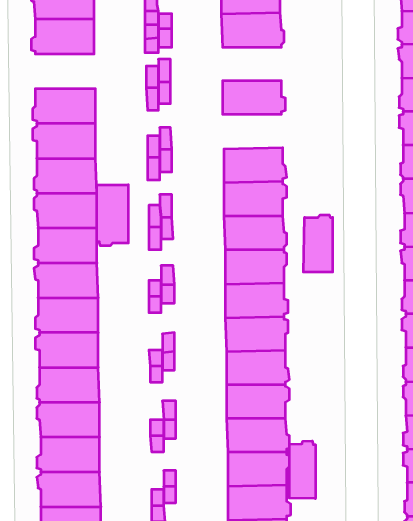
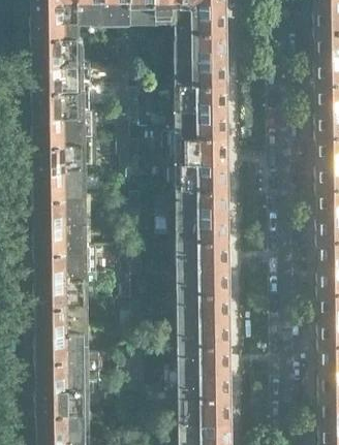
building: none -> [183,76,230,102]
building: none -> [35,82,85,108]
building: none -> [183,128,232,155]
building: [97,185,128,246] -> none
building: [303,215,333,272] -> none
building: [289,441,315,499] -> none

